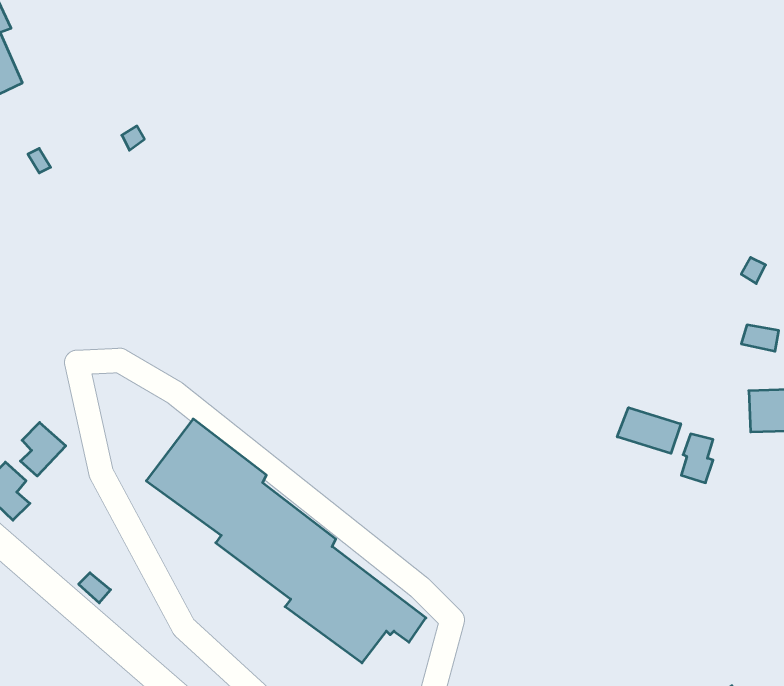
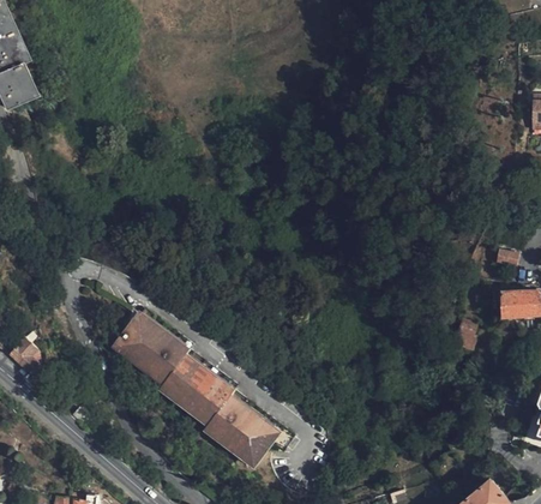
building: [617,408,681,453] -> none
building: [20,422,66,476] -> none

